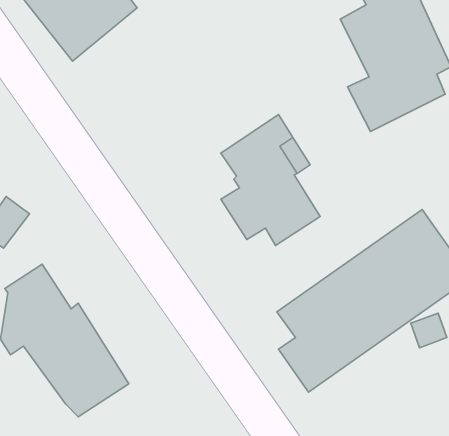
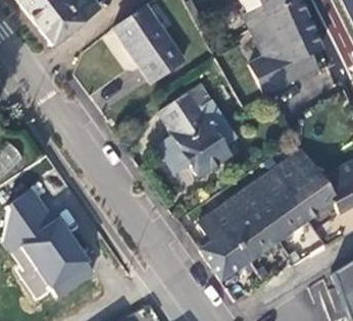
building: none -> [113,6,183,82]

